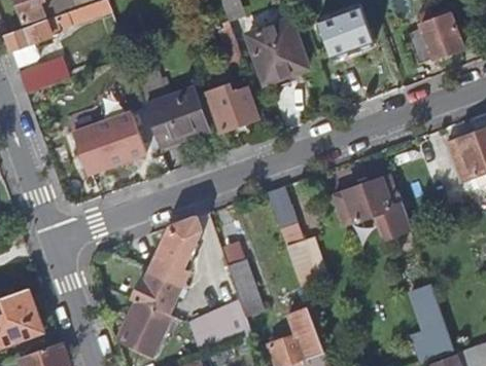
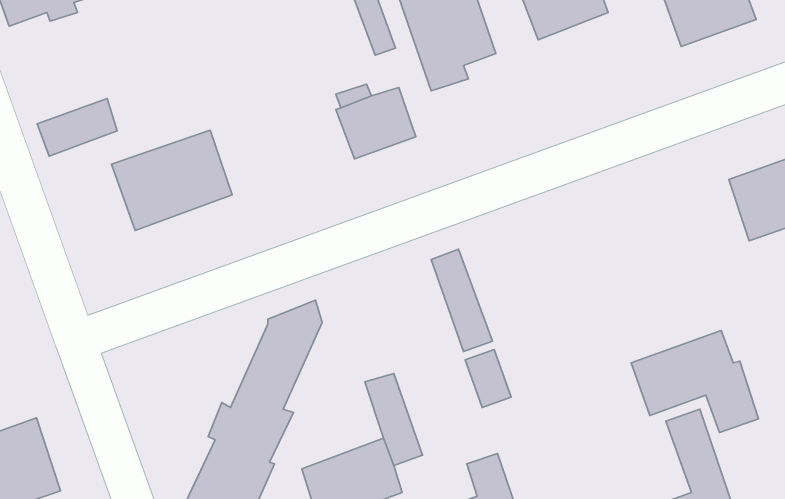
building: [21,59,69,94] -> [37,98,117,156]
building: [145,88,207,147] -> none
building: [334,175,411,236] -> [631,330,759,433]

